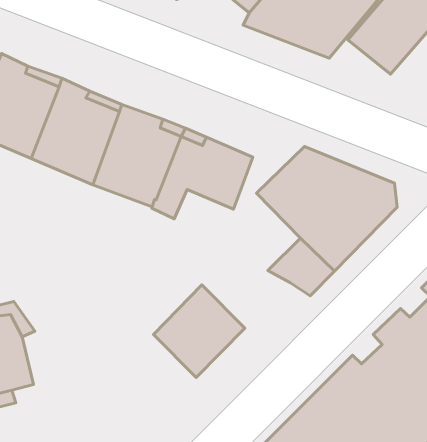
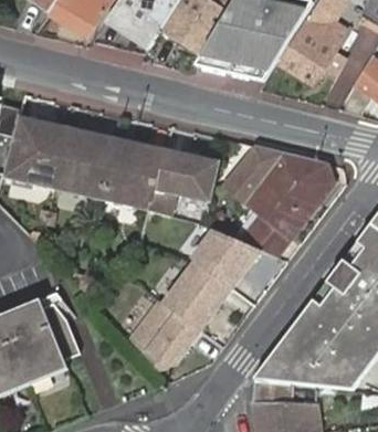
building: none -> [190,231,259,289]
building: none -> [128,302,199,370]

